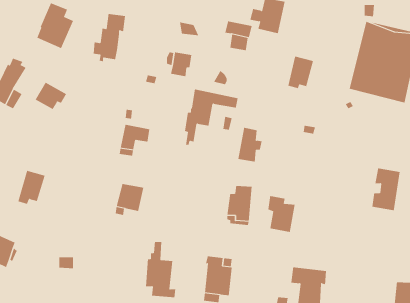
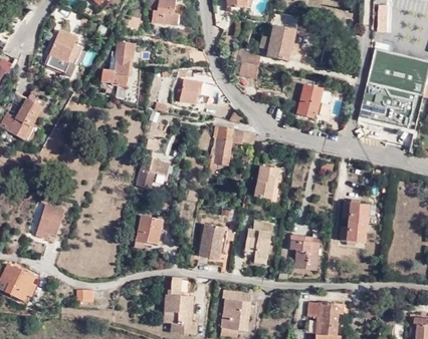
building: [35,82,67,110] -> none
building: [371,168,401,211] -> [341,200,370,243]
building: none -> [198,217,222,253]

